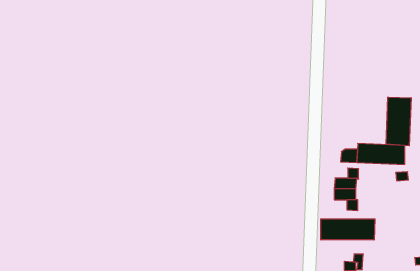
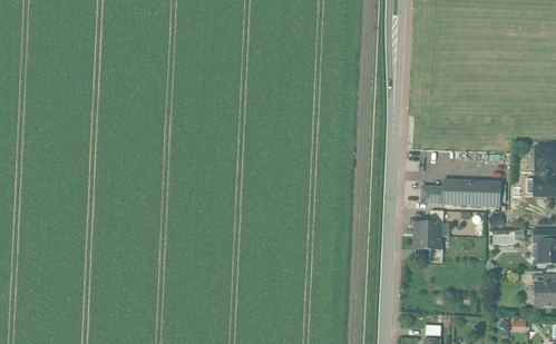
building: [386,97,411,146] -> none
building: [321,219,375,240] -> none

